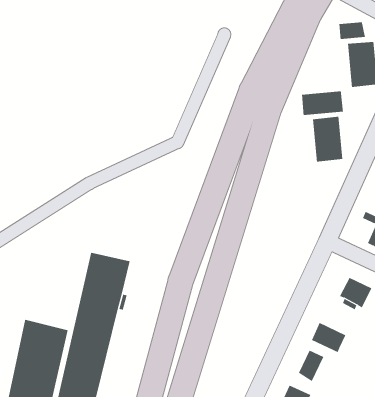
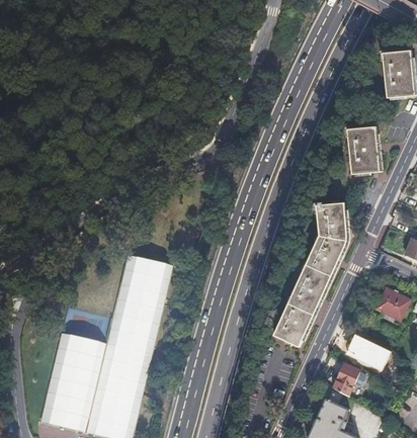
building: [339,22,366,40] -> none
building: [302,90,344,116] -> none
building: none -> [274,201,348,346]

